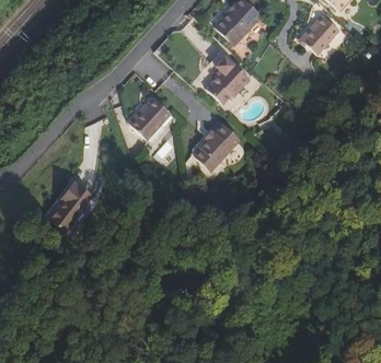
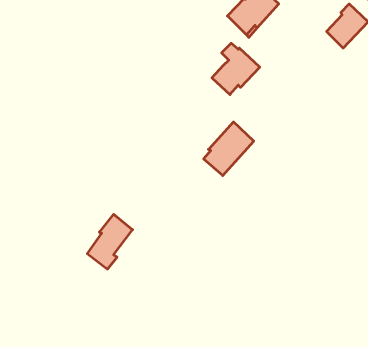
building: [127,97,170,142] -> none
building: [51,179,93,230] -> [87,214,133,269]

